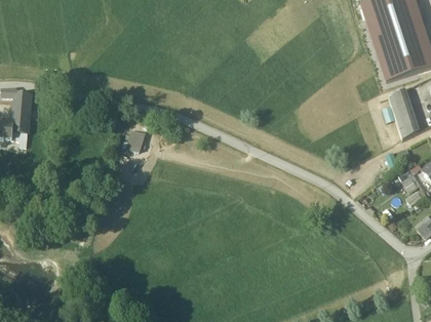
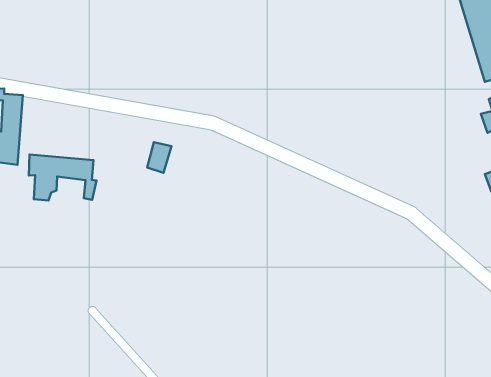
building: none -> [29,154,97,200]

